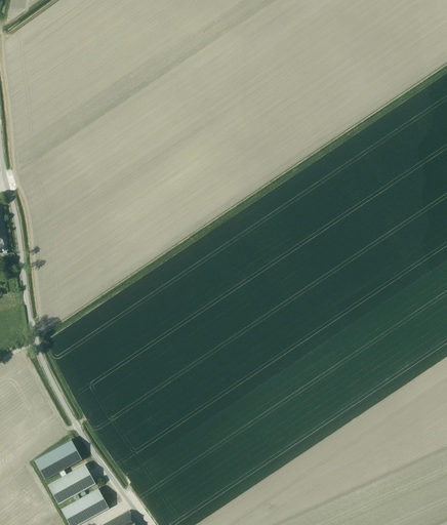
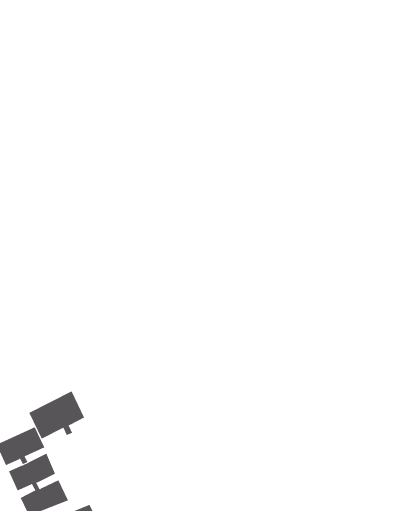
building: none -> [28,391,85,440]

